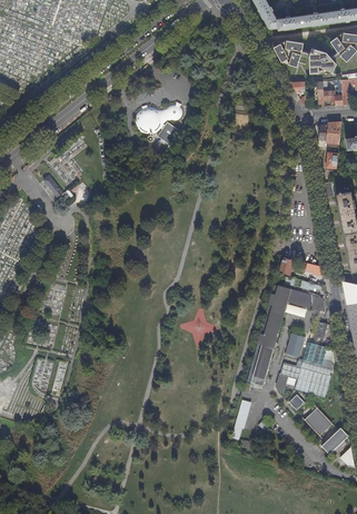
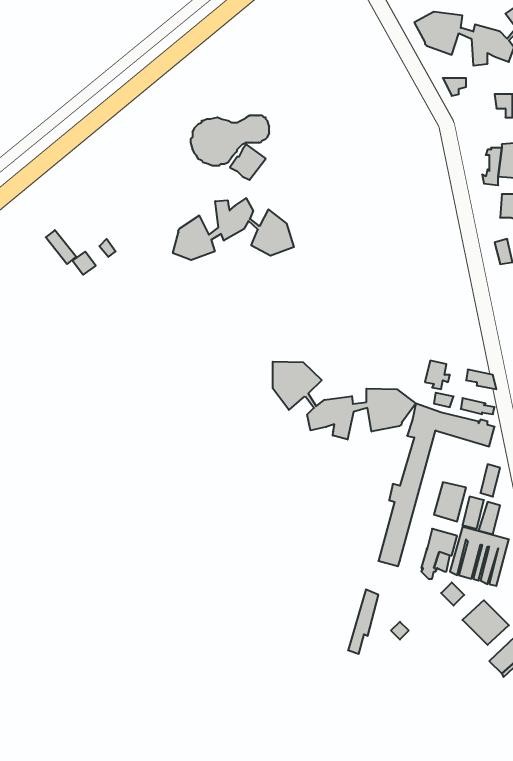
building: none -> [173,198,294,260]
building: none -> [273,362,416,440]

